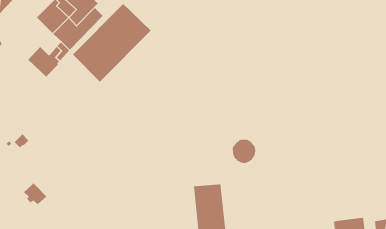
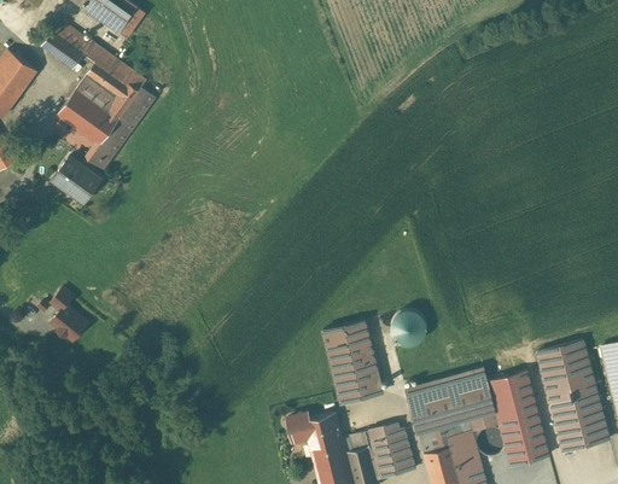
building: [72,3,151,83] -> none
building: [232,139,256,164] -> [392,309,428,345]
building: [23,182,47,205] -> [51,307,87,339]

